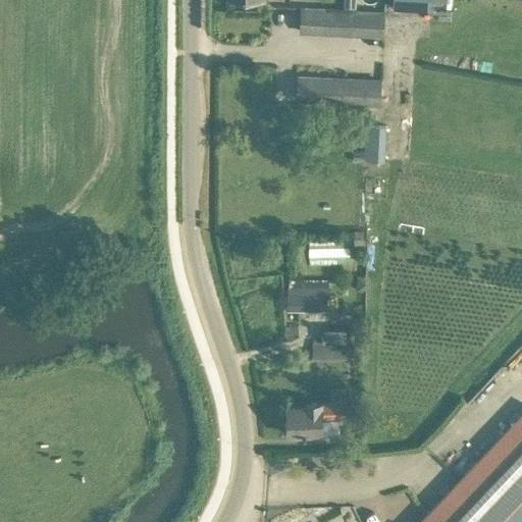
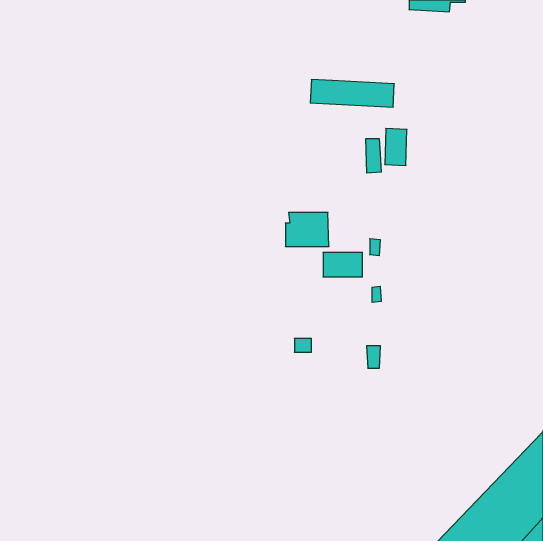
building: [300,8,385,39] -> none
building: [288,279,329,312] -> [285,212,329,246]
building: [313,330,346,360] -> none
building: [284,389,347,435] -> none

